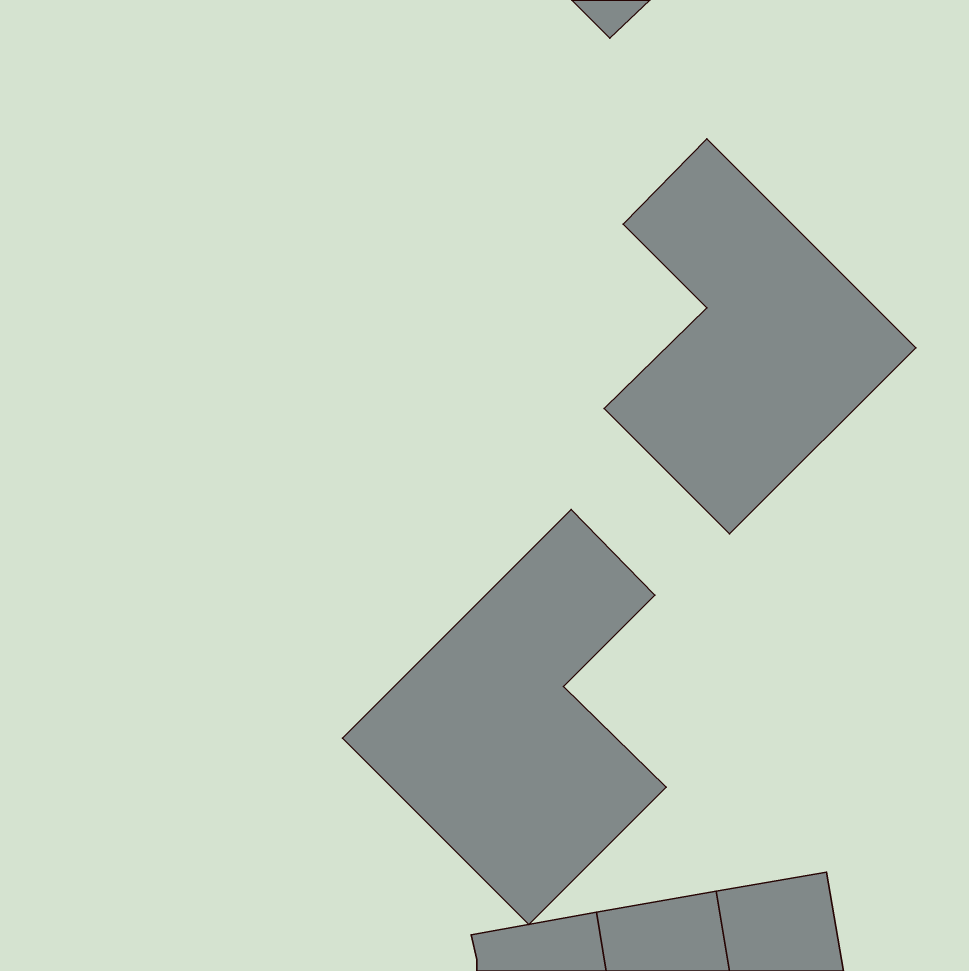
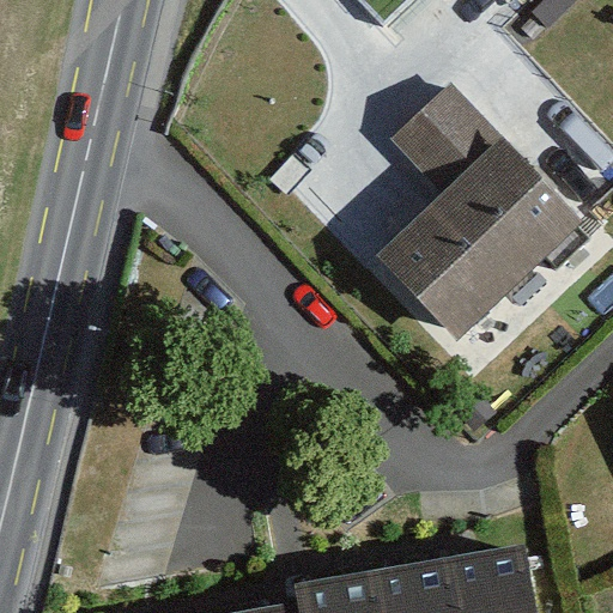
building: [343,509,666,924] -> none

